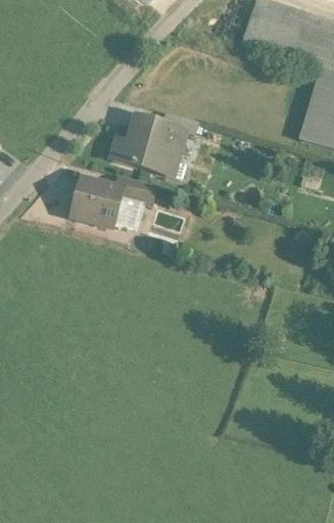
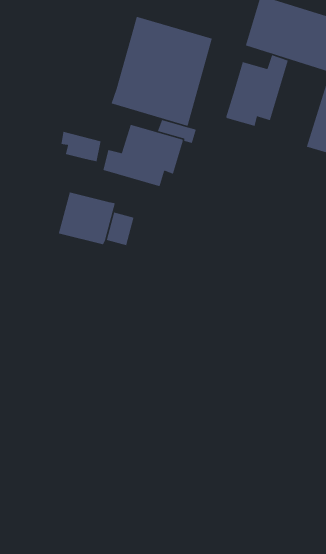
building: none -> [111,16,213,127]
building: none -> [225,54,289,127]
building: [116,176,154,204] -> [60,131,102,162]

